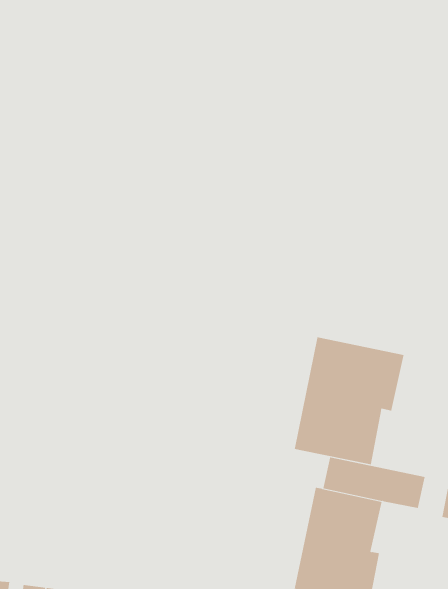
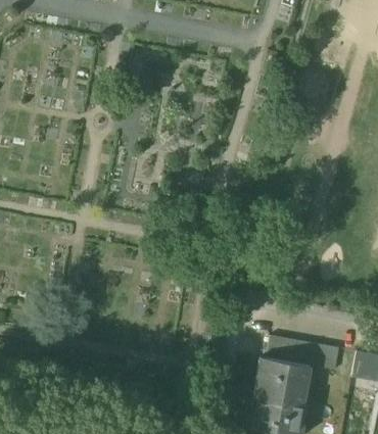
building: [294,336,404,465] -> none

